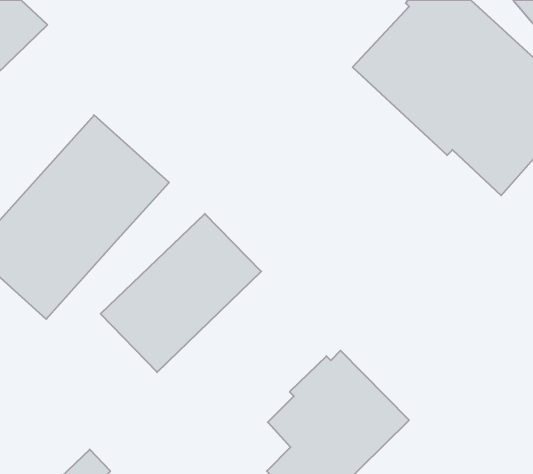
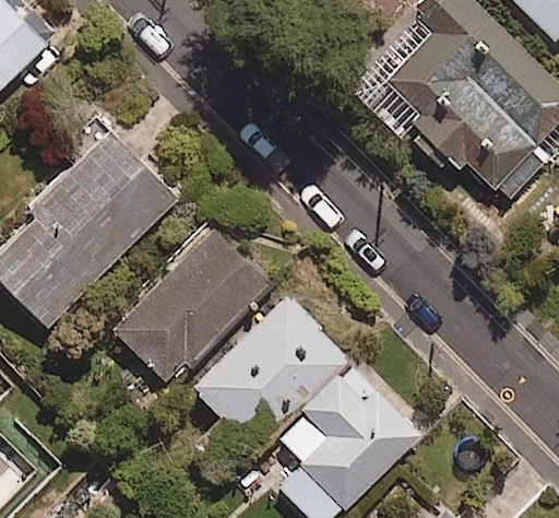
building: none -> [189,292,346,449]

